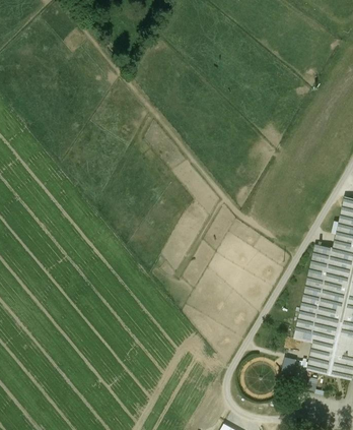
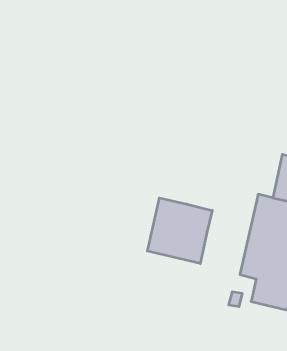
building: none -> [147,198,212,264]

